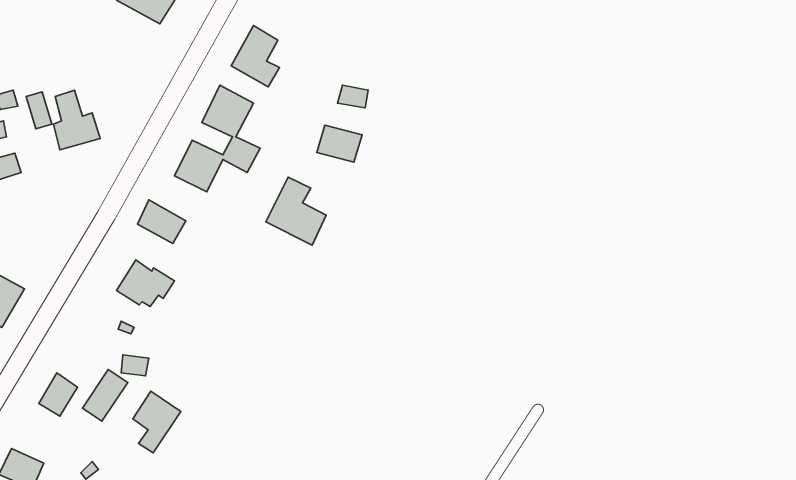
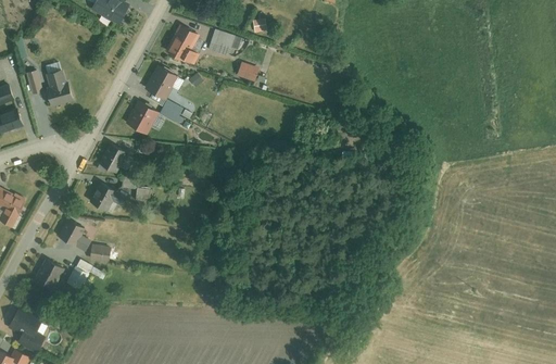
building: [317,125,362,162] -> [212,32,242,57]
building: [266,177,326,245] -> none
building: none -> [60,219,89,248]
building: [133,391,181,453] -> none

